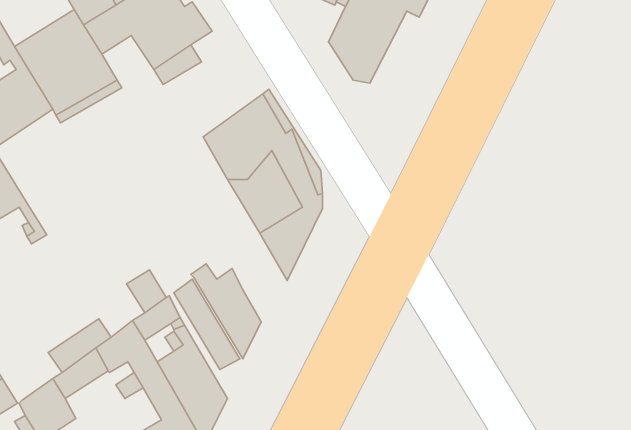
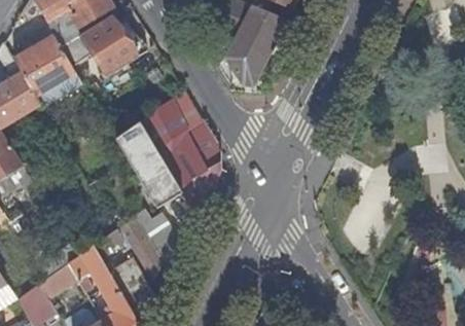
building: none -> [115,121,181,206]

